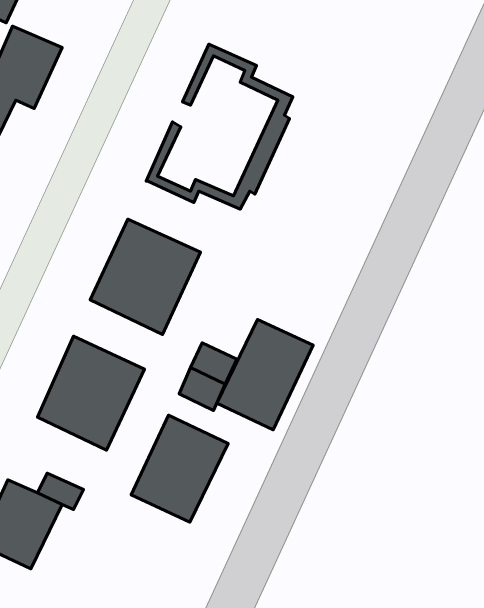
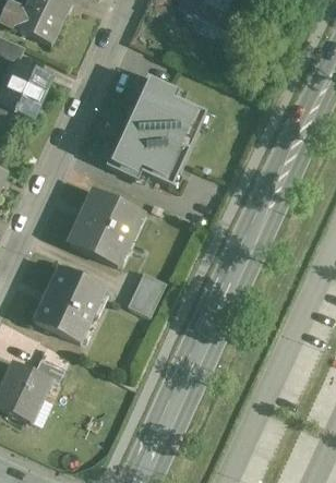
building: none -> [113,82,193,174]
building: [217,320,313,430] -> none
building: [131,415,228,522] -> none

